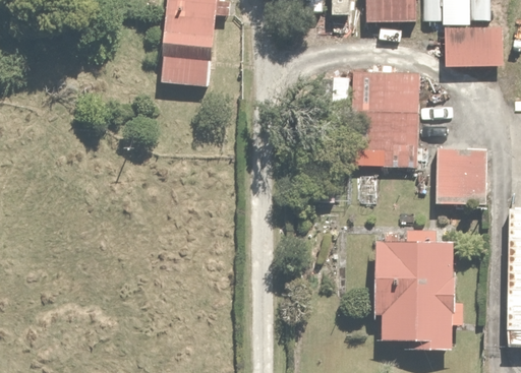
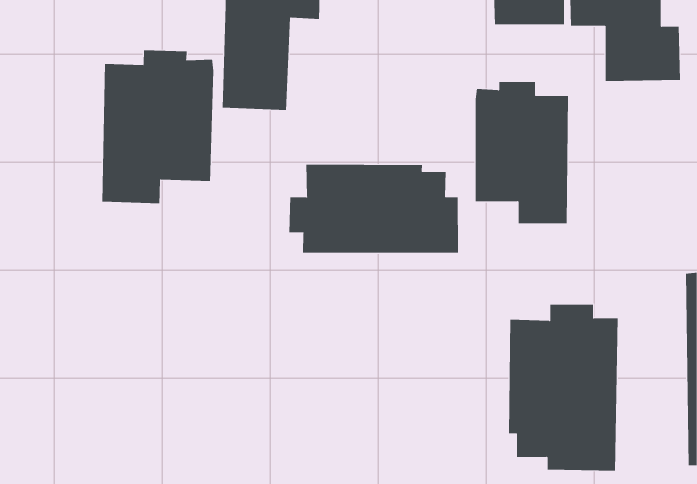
building: none -> [102,49,214,204]
building: none -> [289,164,458,254]
building: [432,150,484,205] -> none

